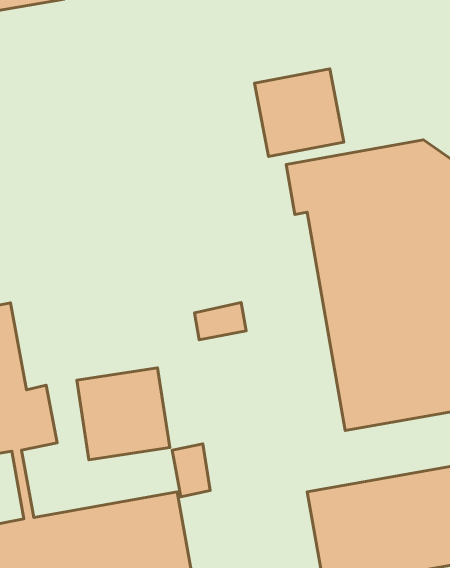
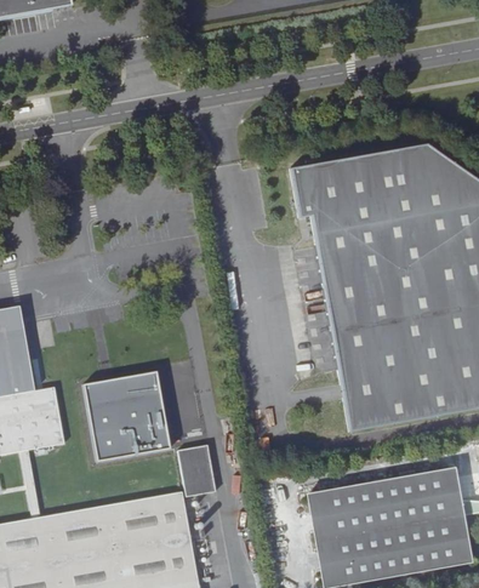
building: [255,69,344,157] -> none
building: [195,303,246,340] -> none

